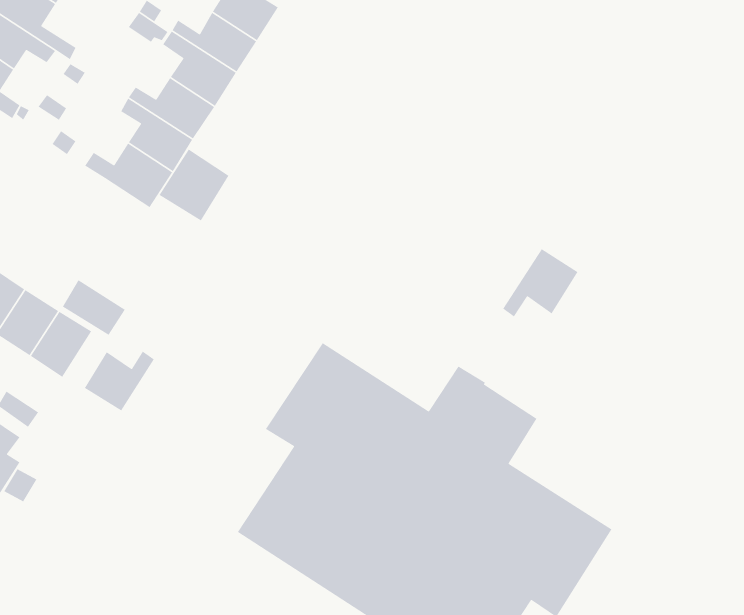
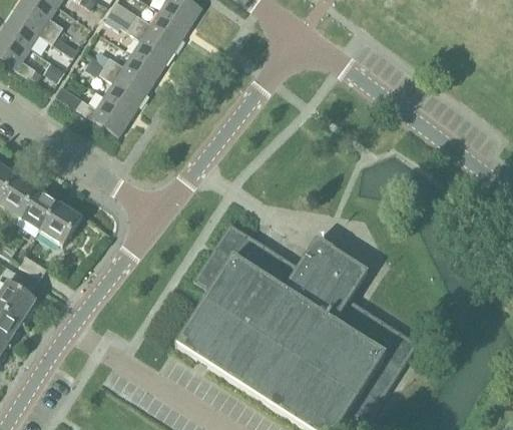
building: [158,148,230,222] -> none
building: [502,248,579,317] -> none
building: [62,279,126,336] -> none
building: [84,351,155,412] -> none

